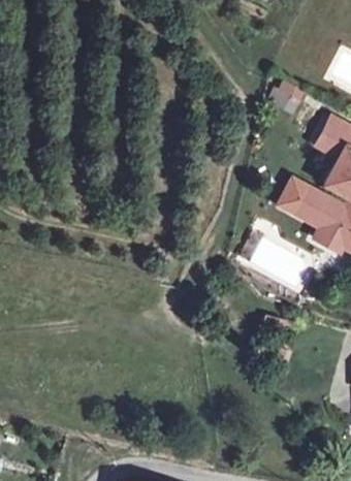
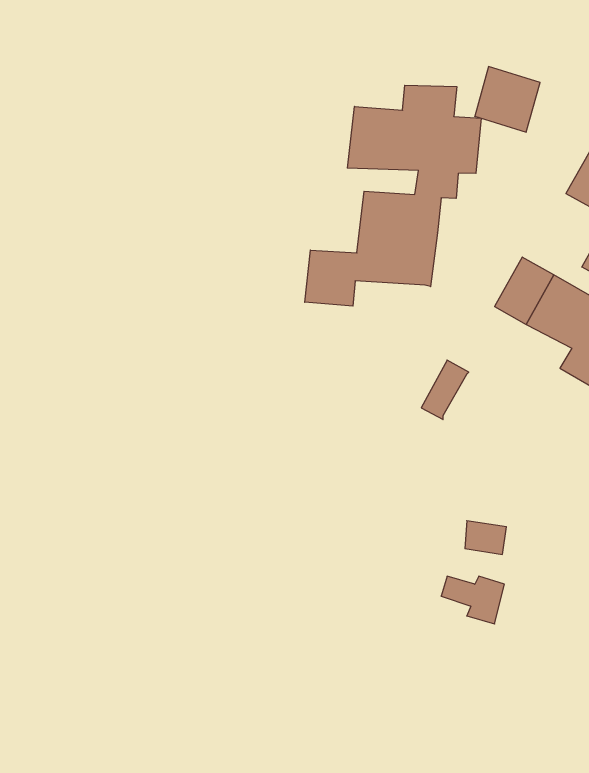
building: none -> [305,85,481,306]

